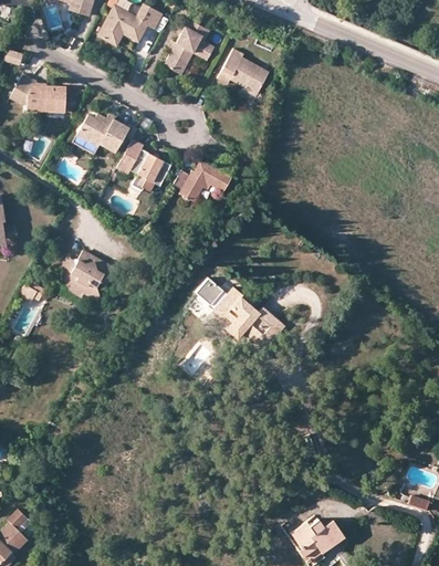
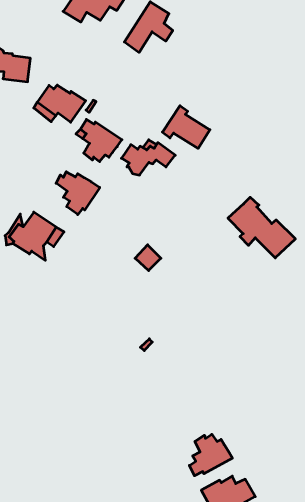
building: [217,48,268,92] -> [162,106,210,148]
building: none -> [56,172,100,215]
building: [210,285,284,348] -> [228,197,295,258]
building: none -> [189,434,232,476]

